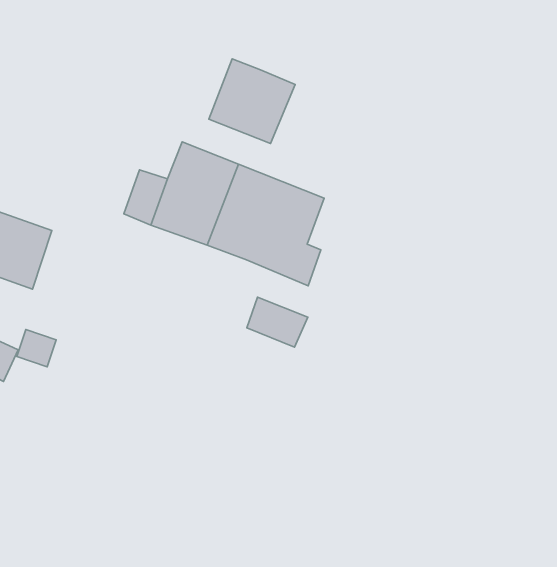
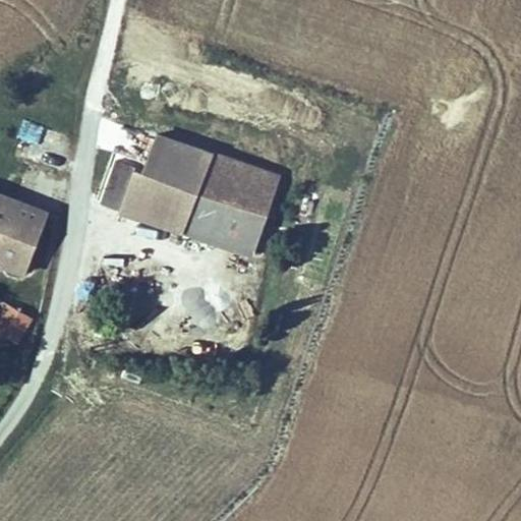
building: [209,59,295,144] -> none
building: [247,297,308,347] -> none

